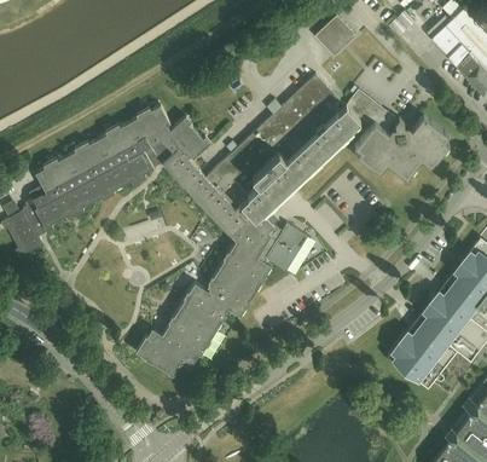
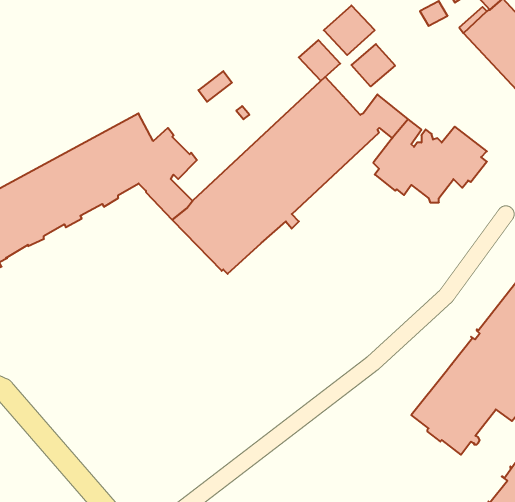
building: none -> [299,40,340,81]
building: none -> [351,44,395,86]
building: [135,213,307,375] -> none

